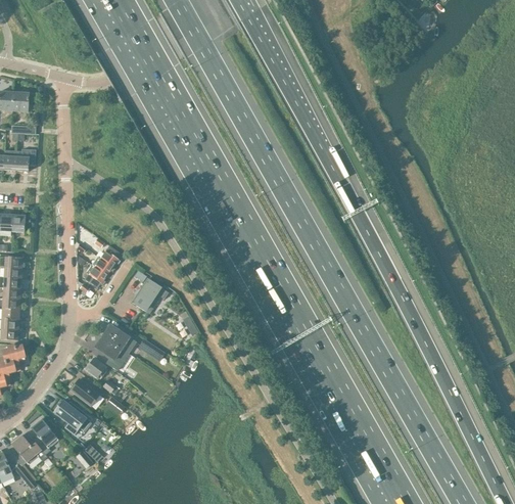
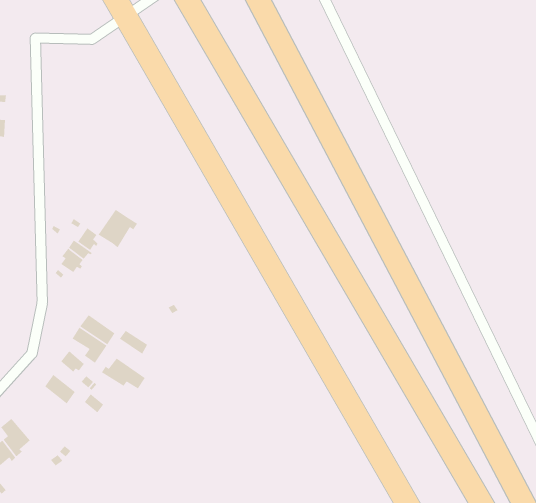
building: [130,279,167,315] -> [97,209,138,248]
building: none -> [101,358,146,390]
building: [52,400,90,436] -> none

